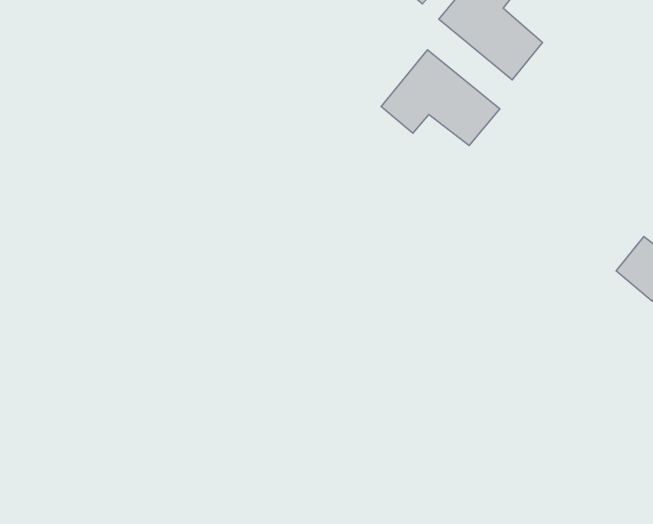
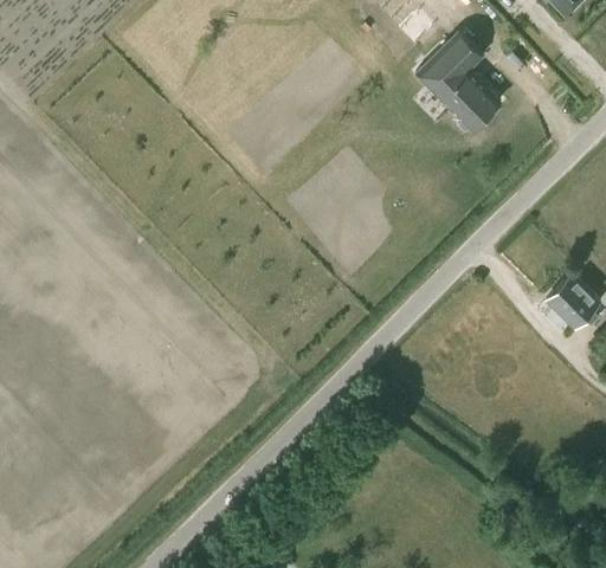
building: [381,50,500,146] -> none

